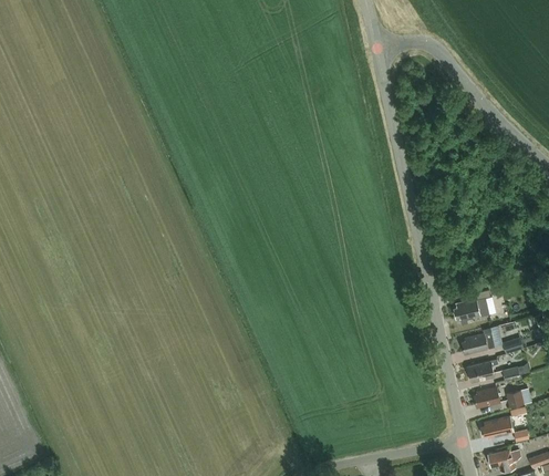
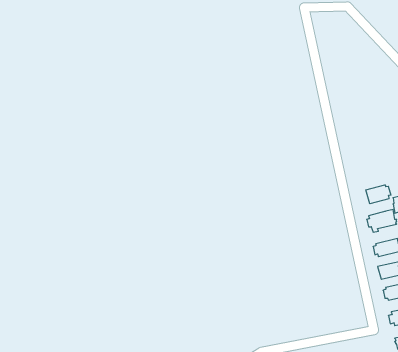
building: none -> [366,185,391,204]

